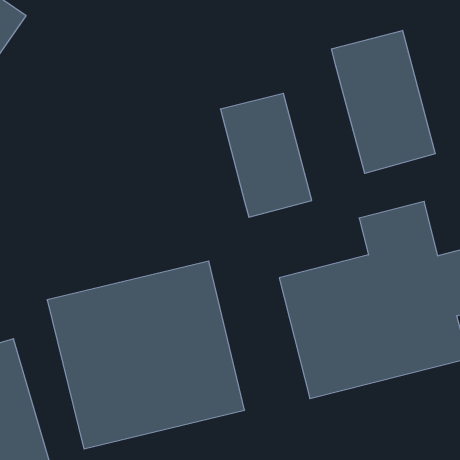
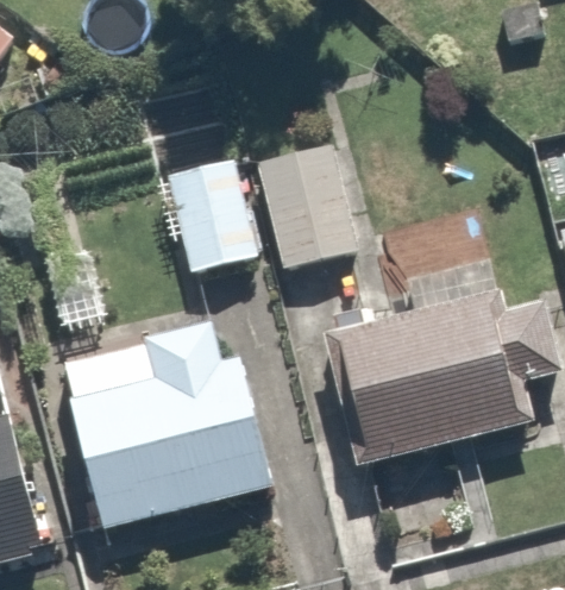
building: [331,30,435,173] -> none
building: none -> [159,144,278,274]

